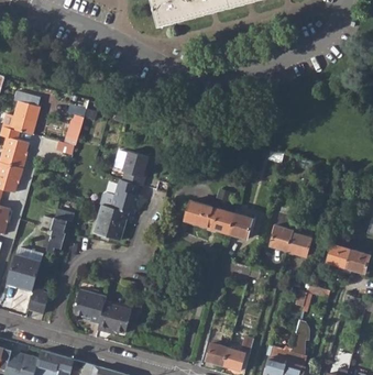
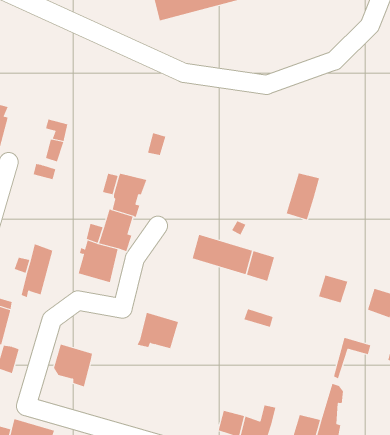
building: [270,212,297,251] -> [286,173,320,220]
building: [96,302,130,332] -> [137,312,179,349]

